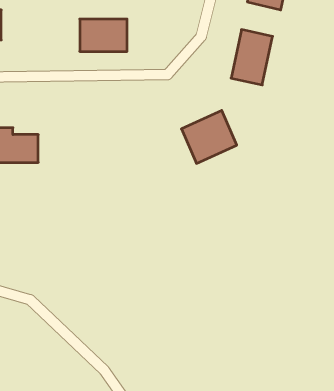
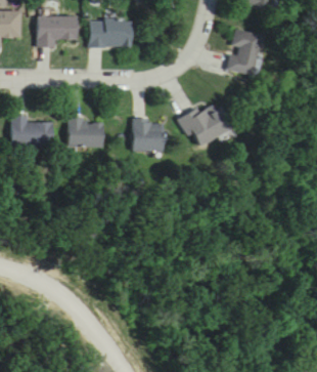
building: none -> [38,16,78,47]
building: none -> [69,117,103,150]
building: none -> [134,120,164,152]

